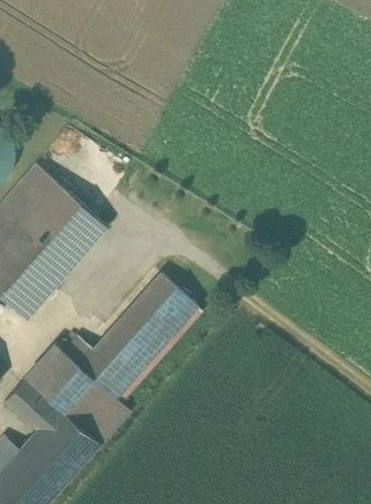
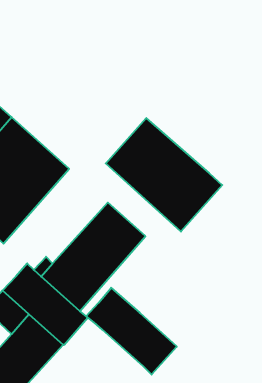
building: none -> [106,118,222,232]
building: none -> [86,288,177,375]

